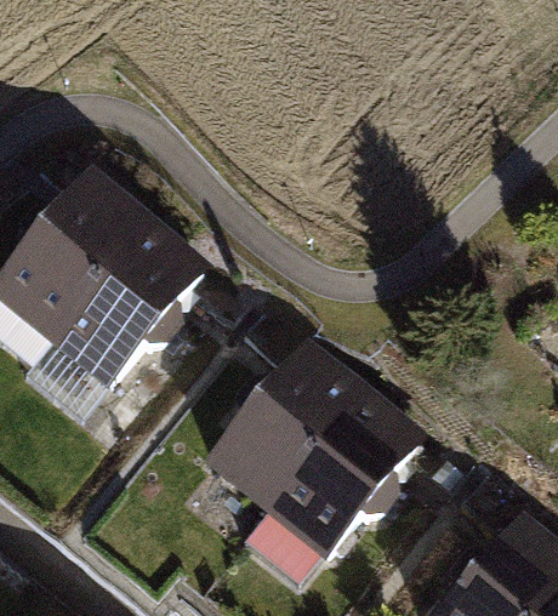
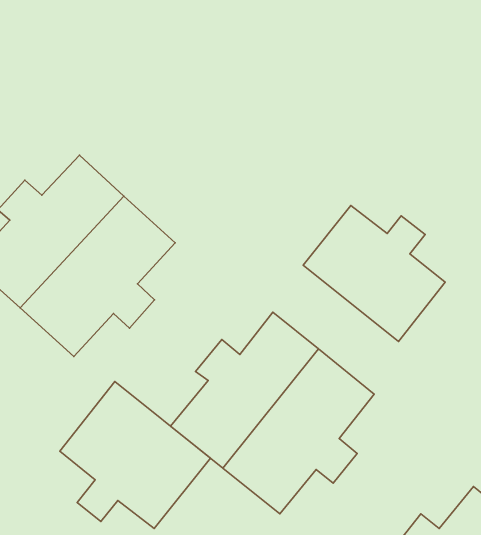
building: none -> [303,206,445,342]
building: none -> [60,382,210,528]

